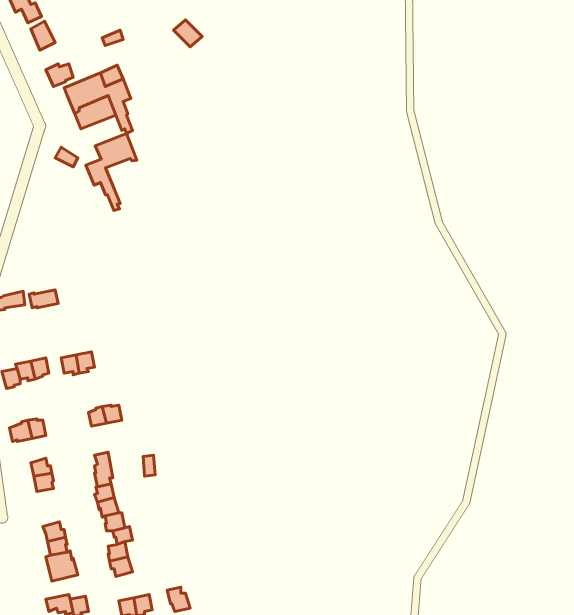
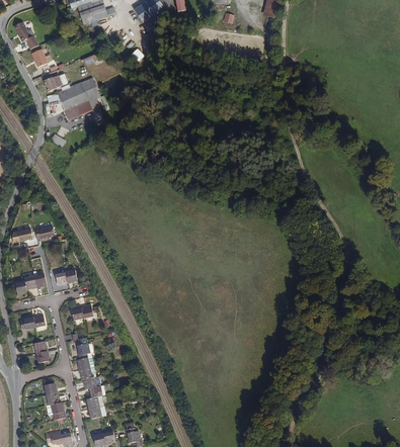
building: [86,133,137,210] -> none

